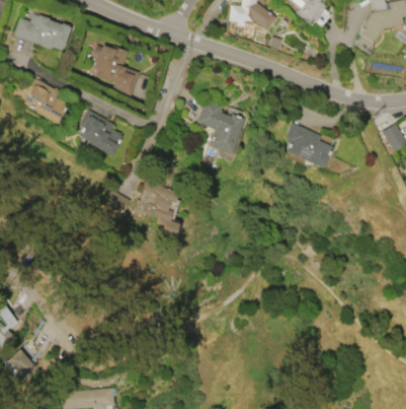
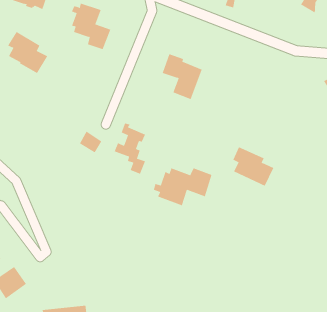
building: [77,109,123,155] -> none
building: [285,122,332,167] -> [232,147,274,187]
building: none -> [153,167,212,206]

